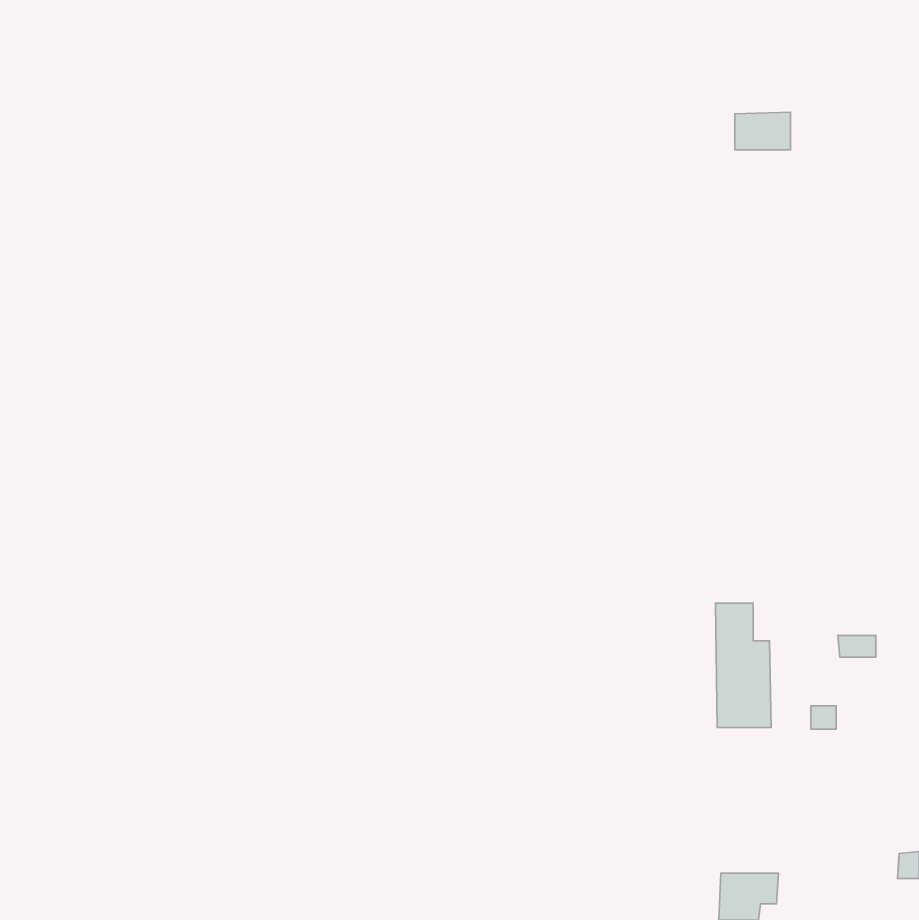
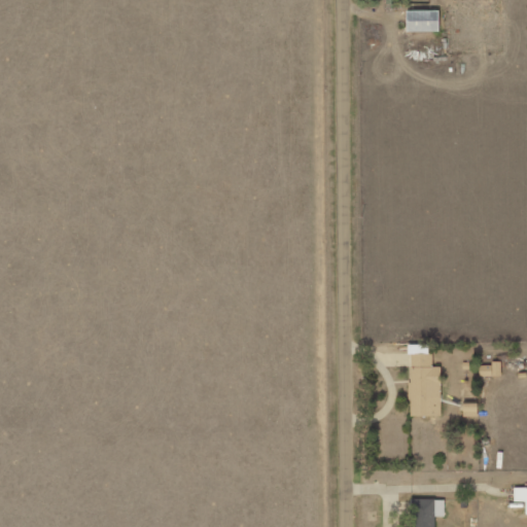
building: [735,112,791,150] -> [407,10,438,32]

